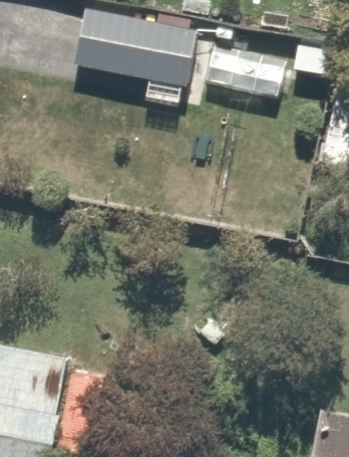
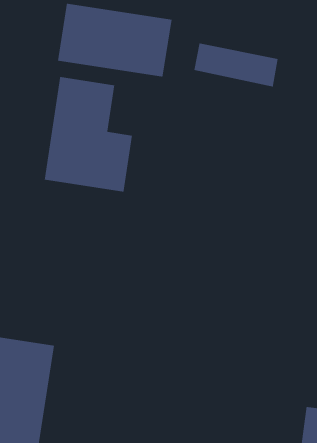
building: none -> [44,76,133,192]

